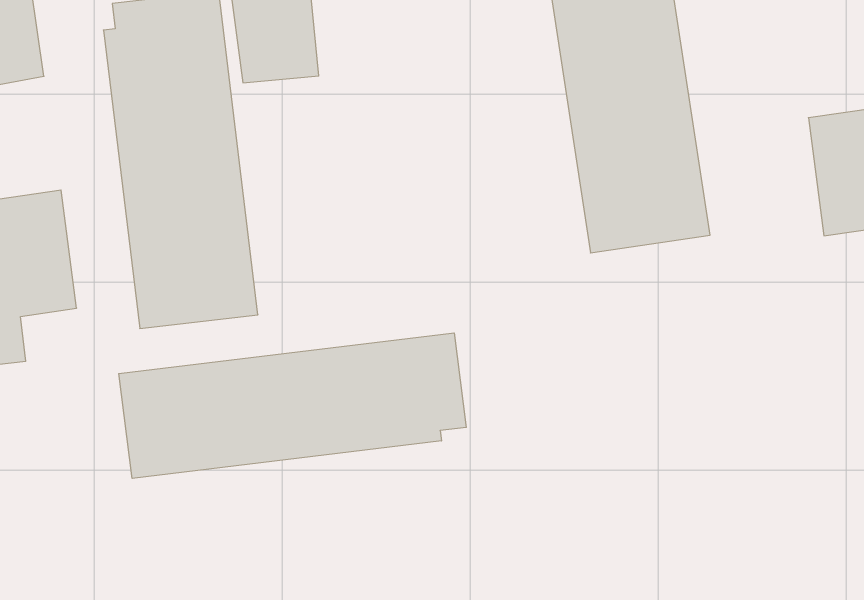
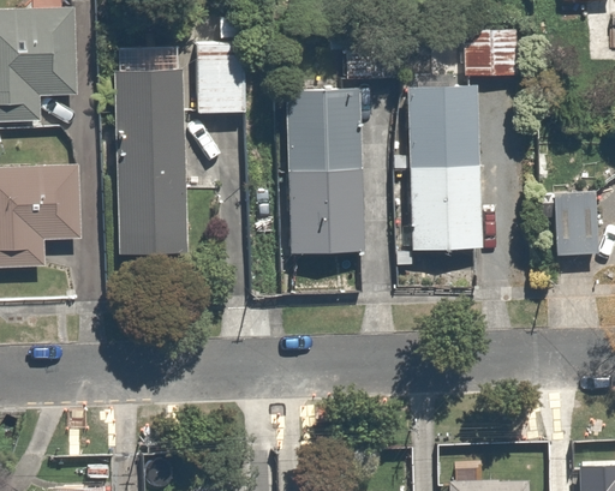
building: none -> [277,86,356,249]
building: [119,333,466,478] -> none

